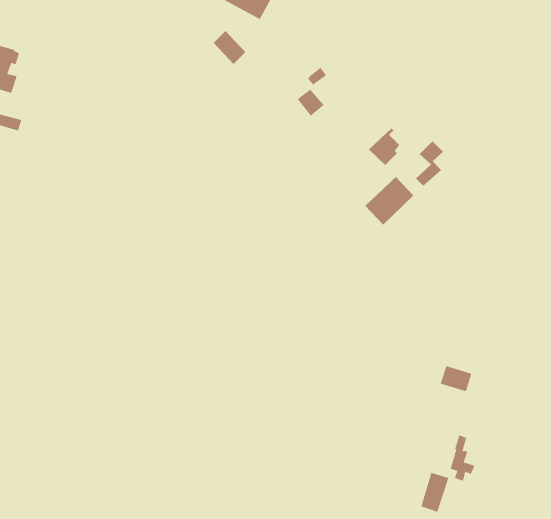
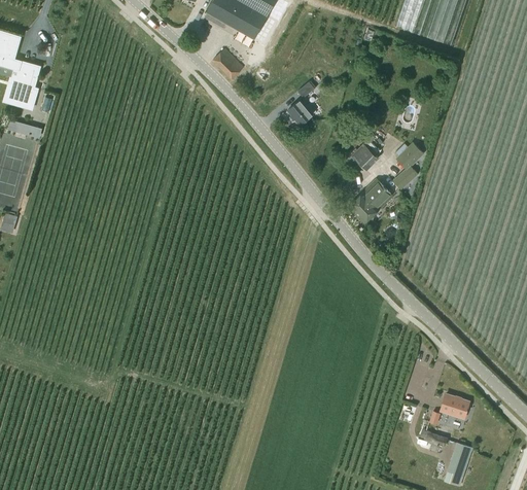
building: [440,366,472,392] -> [440,394,468,418]
building: [420,472,449,512] -> [446,442,471,478]

